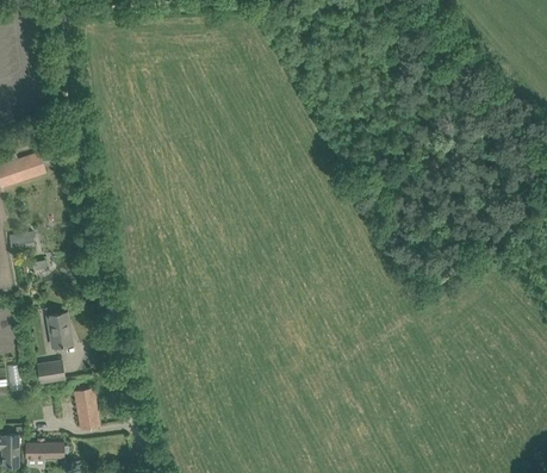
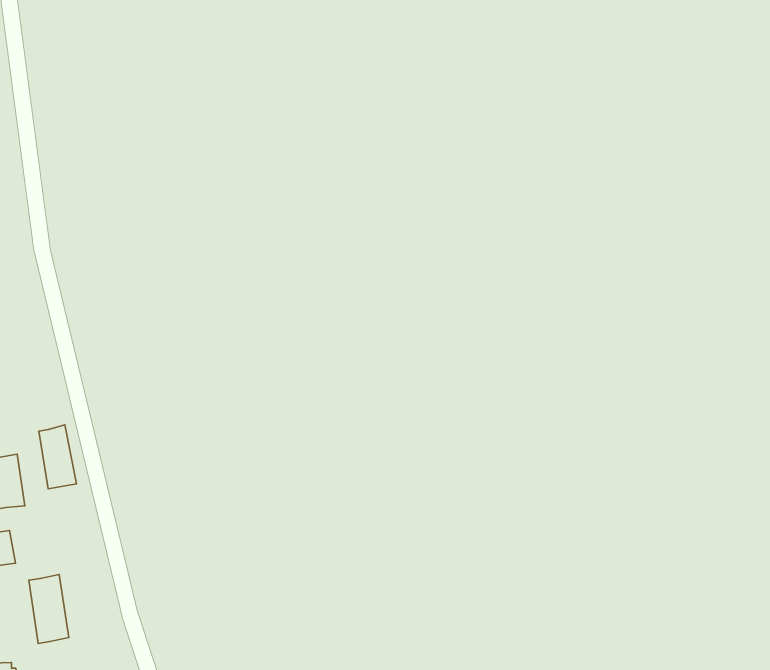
building: none -> [39,425,76,489]

